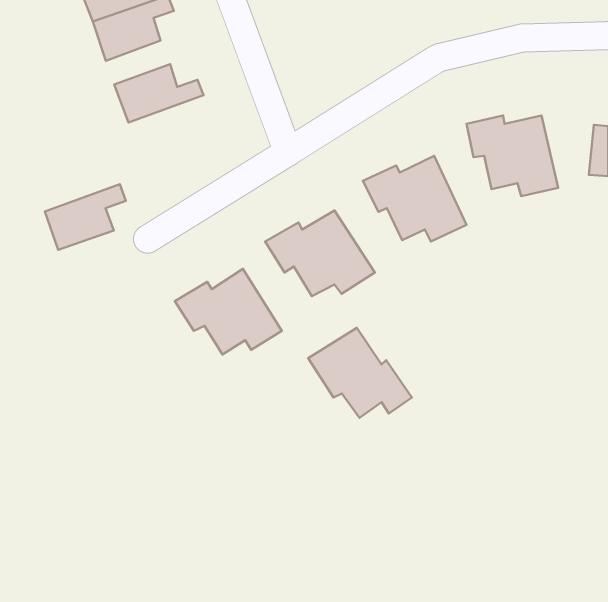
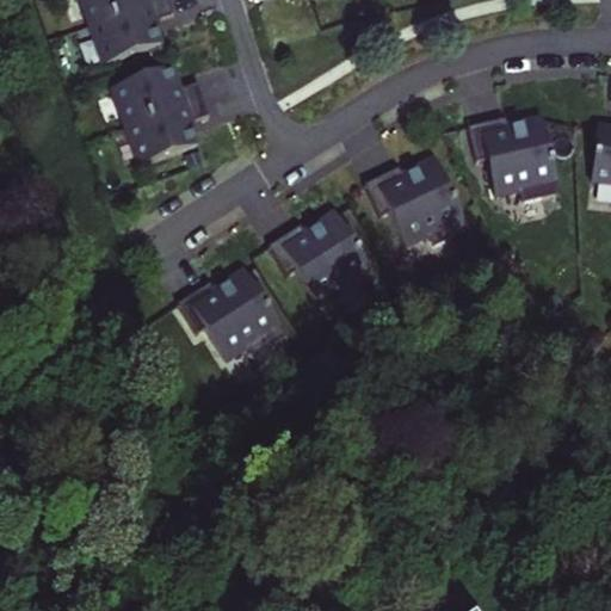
building: [45,184,126,250] -> [129,95,210,161]
building: [308,328,412,418] -> none

